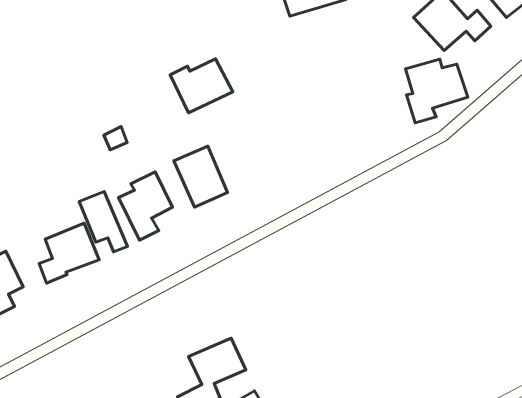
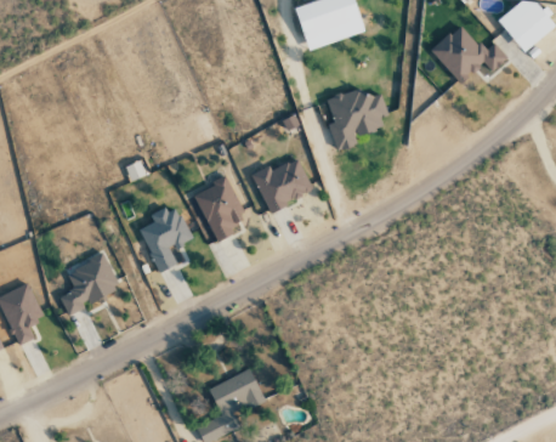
building: [170,59,233,113] -> [253,158,314,211]
building: [405,59,468,123] -> [328,89,390,152]
building: [79,191,128,252] -> none

